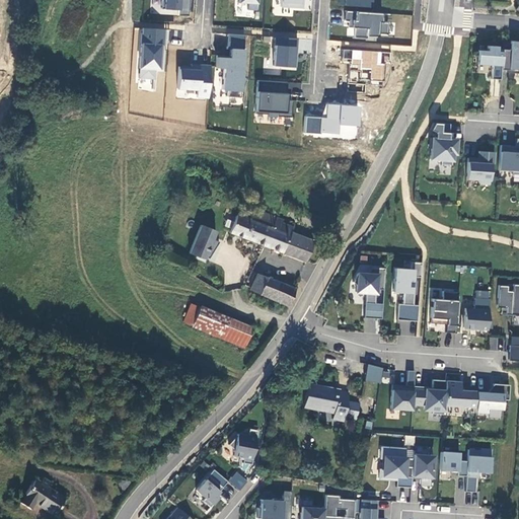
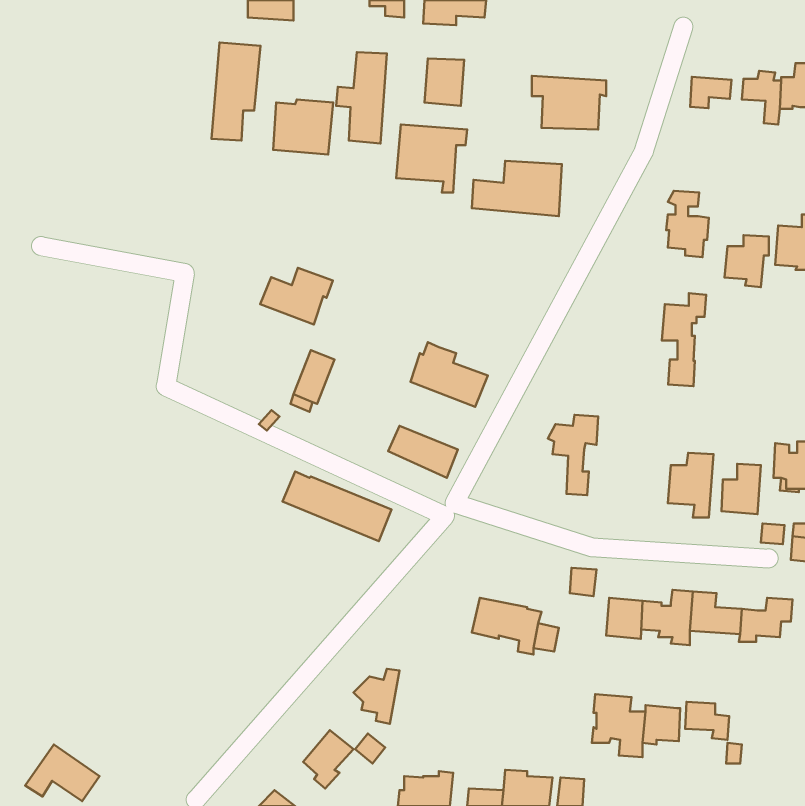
building: [345,10,390,38] -> none
building: none -> [690,77,731,108]
building: [230,209,277,245] -> [260,268,333,325]
building: [393,262,422,321] -> [662,293,706,386]
building: [468,449,495,471] -> none

